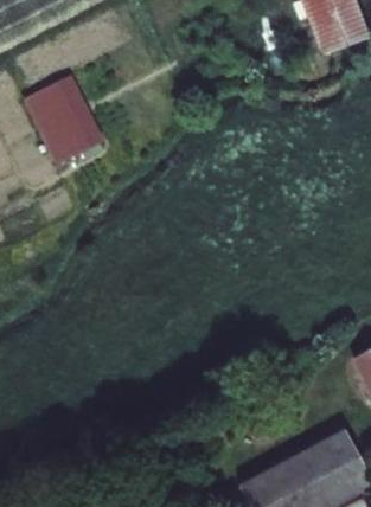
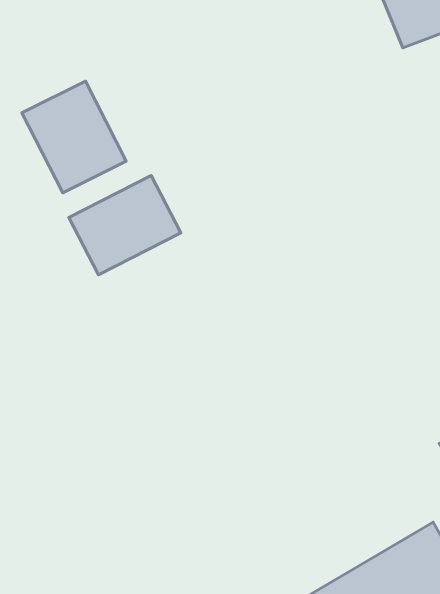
building: none -> [69,176,181,275]

